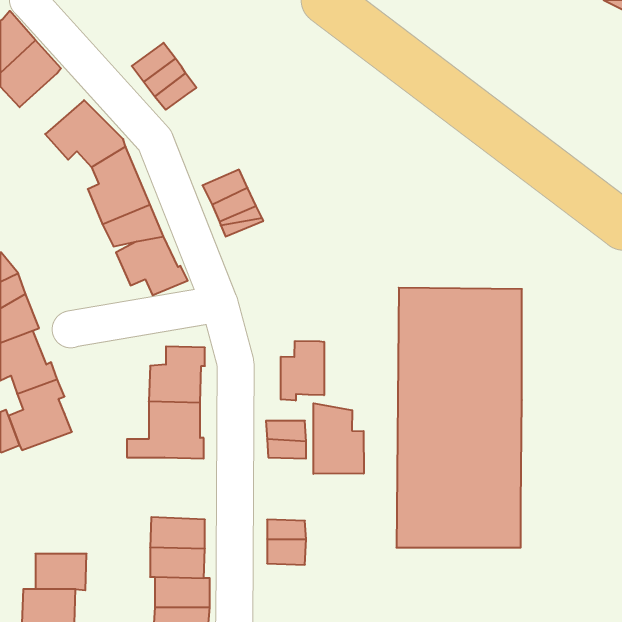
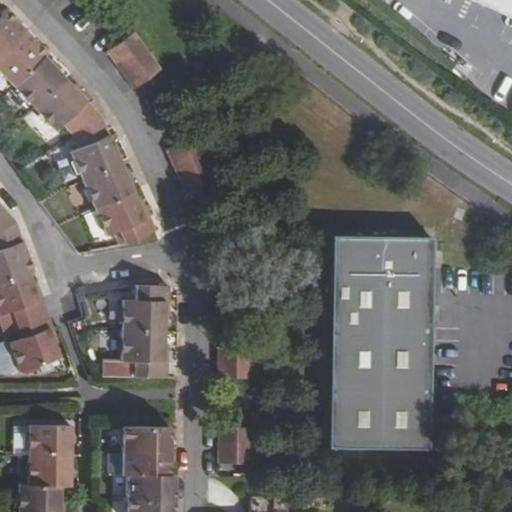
building: none -> [17,61,70,111]
building: [281,341,324,401] -> none
building: [313,403,364,474] -> none
building: none -> [30,423,72,455]

